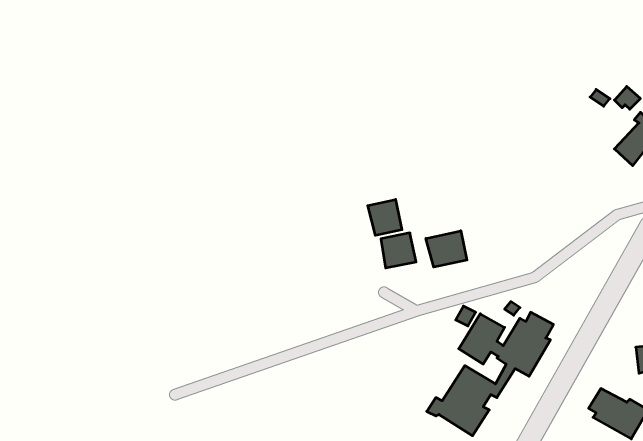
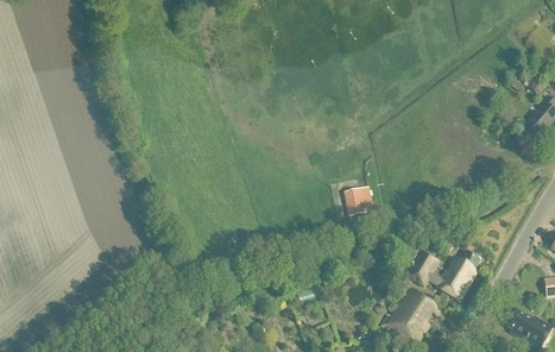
building: [368,199,402,235] -> none
building: [426,231,467,267] -> none

